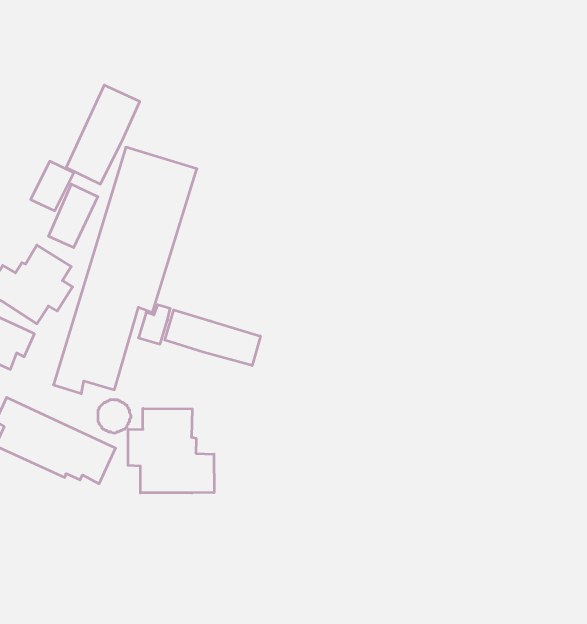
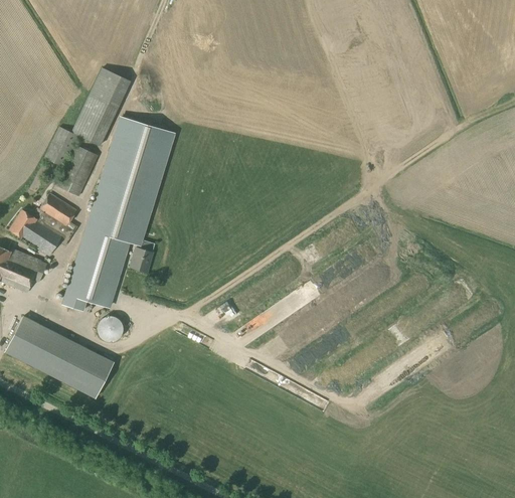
building: [165,310,260,366] -> none
building: [128,408,214,493] -> none

